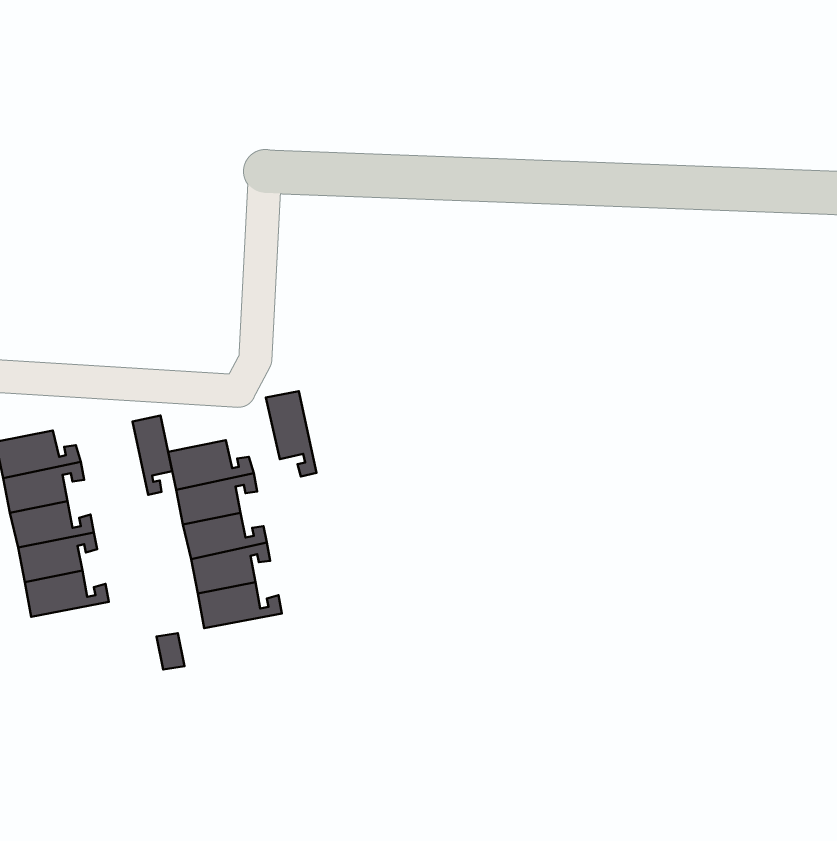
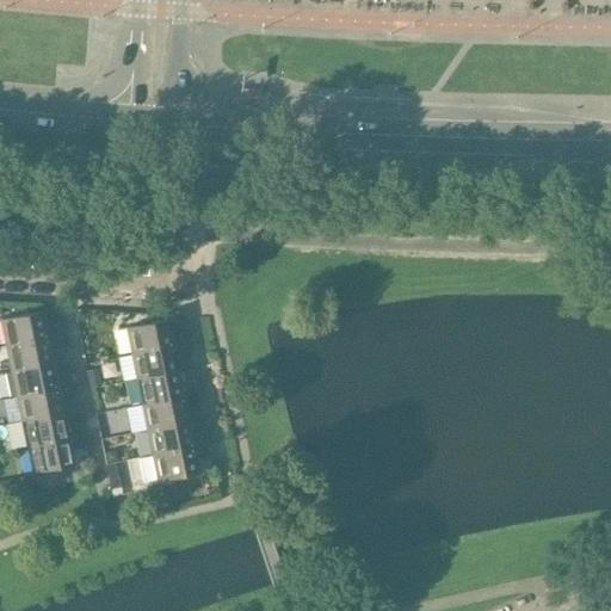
building: [266,391,316,476] -> none
building: [133,415,172,495] -> none
building: none -> [23,437,81,475]
building: none -> [134,445,206,483]

